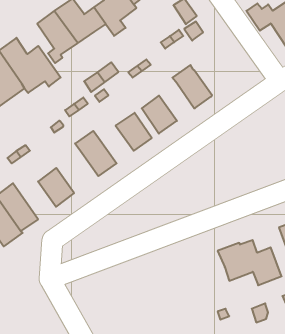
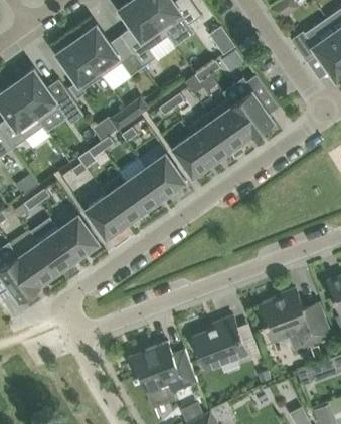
building: none -> [222,75,280,138]
building: none -> [189,115,232,163]
building: none -> [126,168,165,210]
building: none -> [86,196,126,239]
building: none -> [30,218,78,272]
building: none -> [189,317,260,371]
building: none -> [129,342,197,394]

